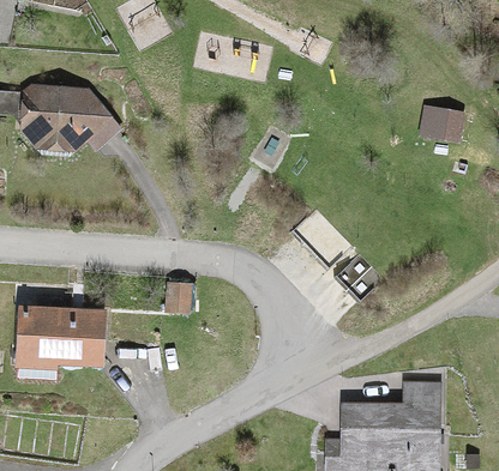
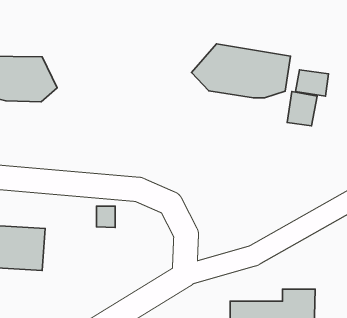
building: none -> [192,44,290,98]
building: none -> [287,91,317,126]

